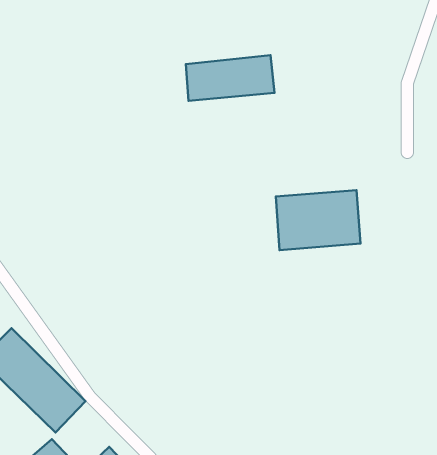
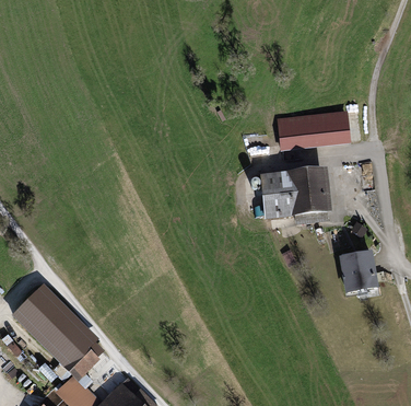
building: [186,55,275,101] -> [277,111,351,149]
building: none -> [339,253,378,295]

